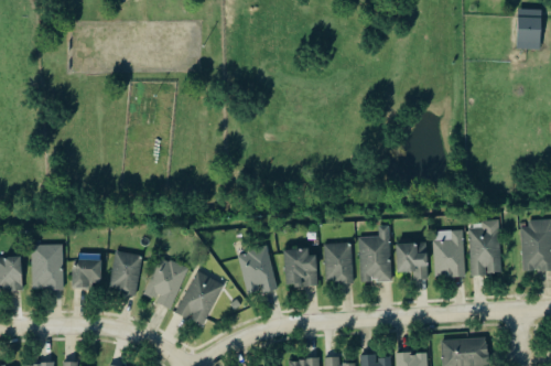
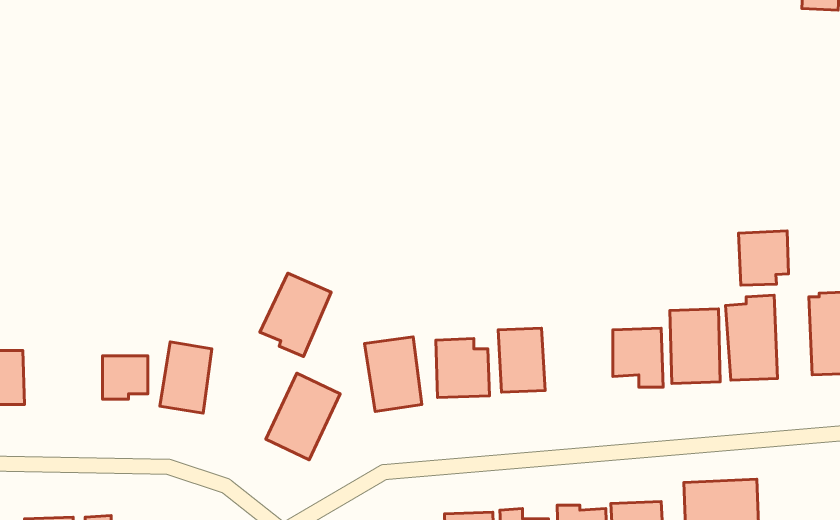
building: none -> [738,231,789,285]
building: [357,225,390,282] -> none
building: [31,245,63,290] -> none
building: [142,257,187,310] -> [260,273,331,356]

